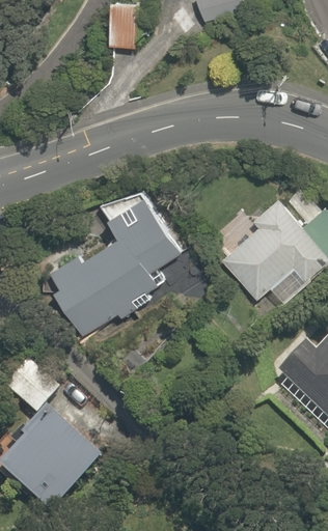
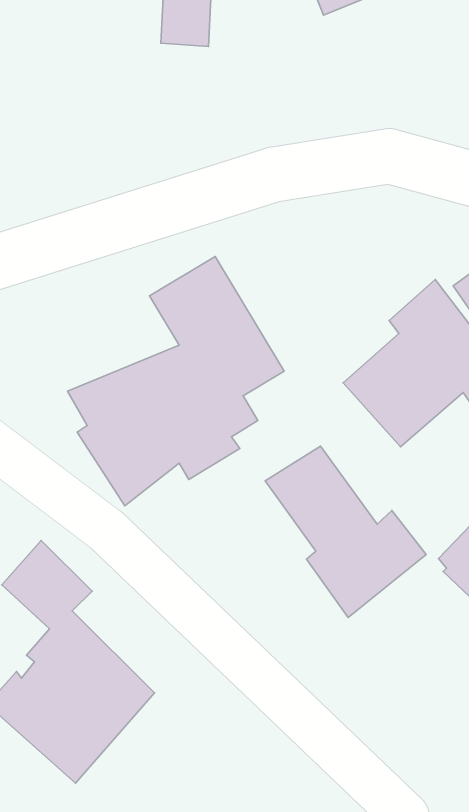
building: none -> [265,446,426,618]

